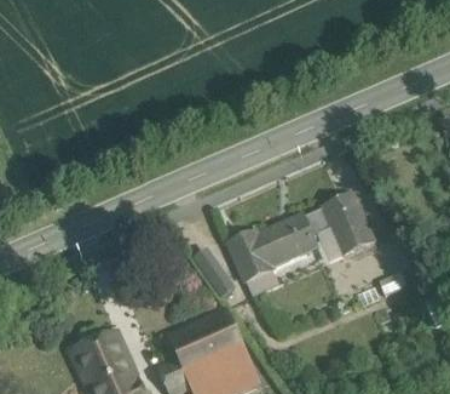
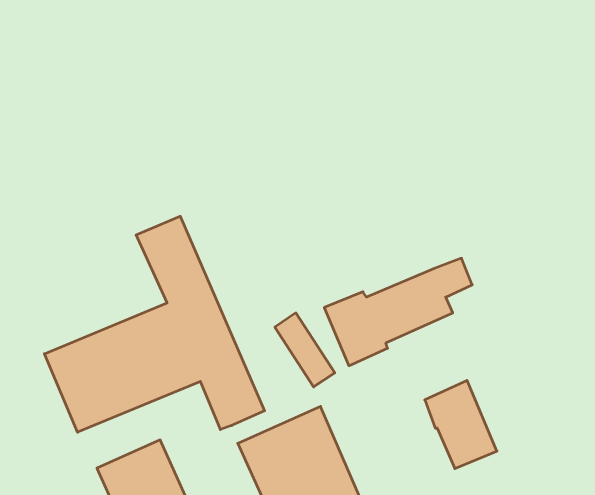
building: none -> [44,216,265,432]
building: [323,194,373,255] -> [425,380,497,469]

